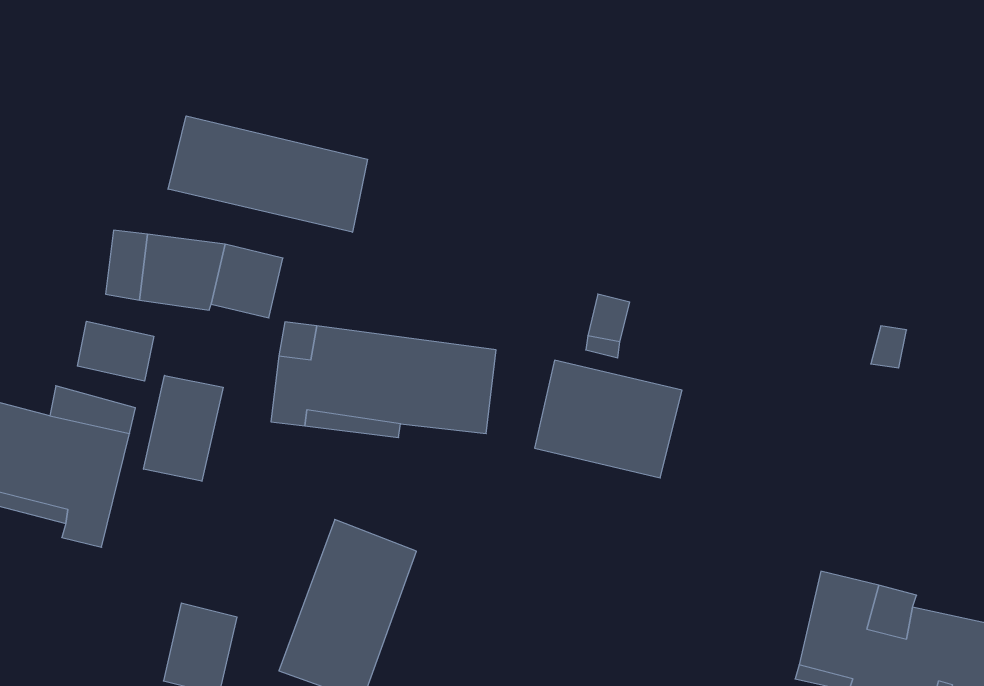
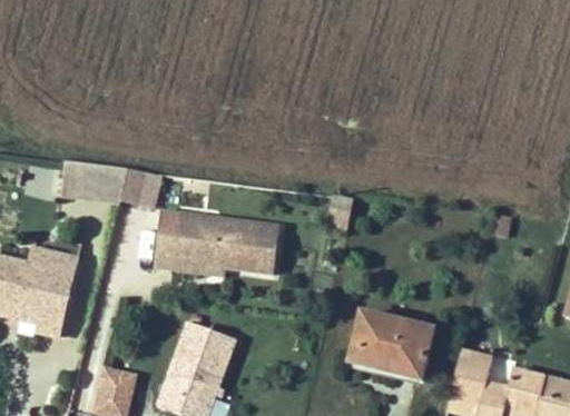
building: [168,116,367,232] -> none
building: [77,321,154,381] -> none
building: [535,360,682,478] -> [351,311,433,377]
building: [144,375,223,481] -> none

